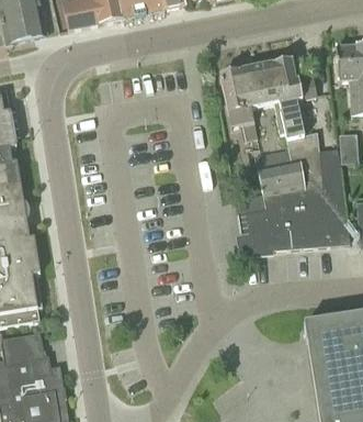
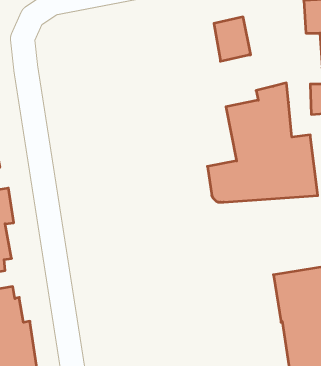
building: [272,55,314,137] -> none
building: [219,69,256,138] -> none
building: [318,148,340,185] -> none

